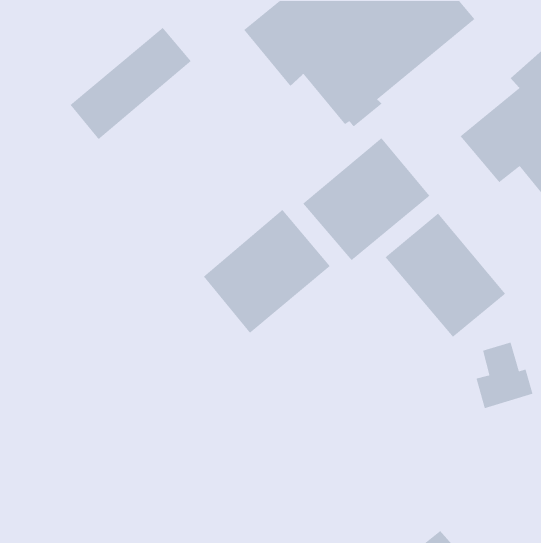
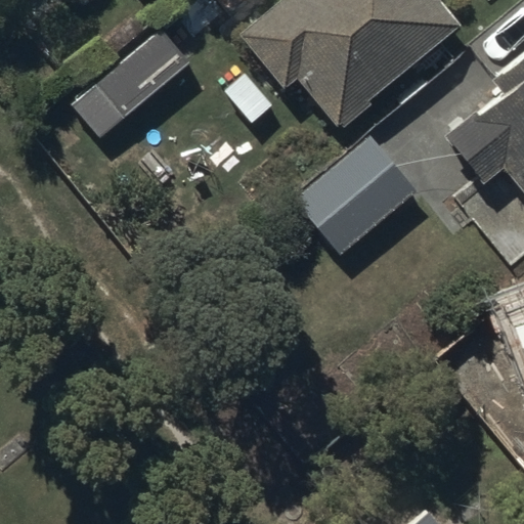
building: [203,209,331,334] -> none
building: [384,212,506,338] -> none

